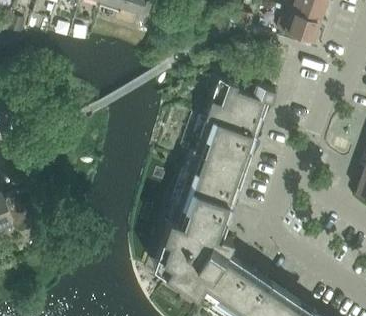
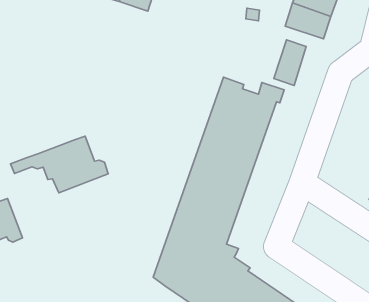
building: none -> [274,40,306,86]
building: none -> [11,136,108,193]

